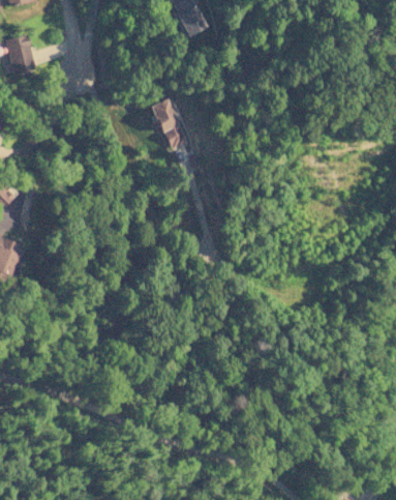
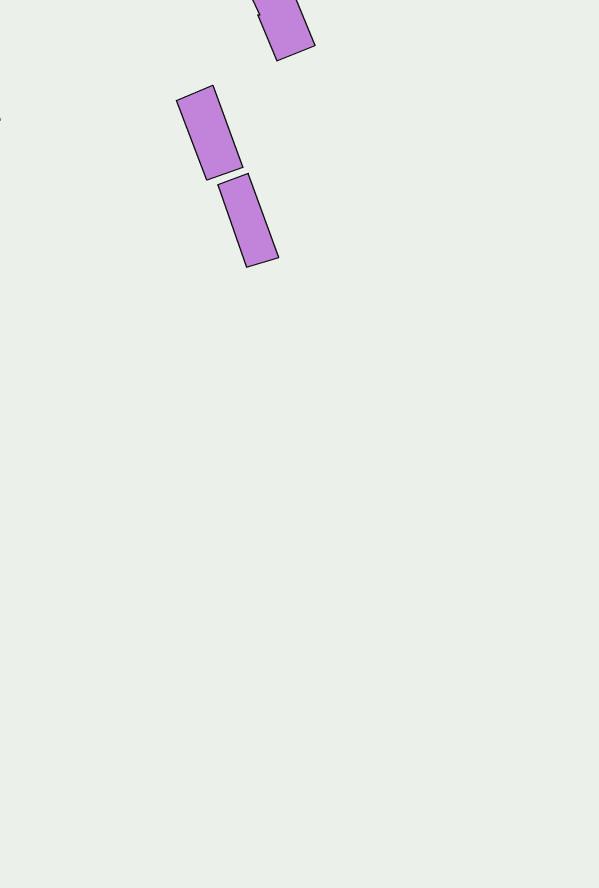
building: none -> [177,85,243,180]

